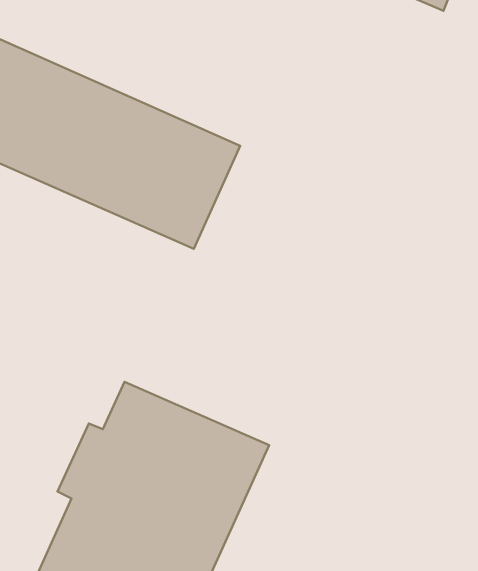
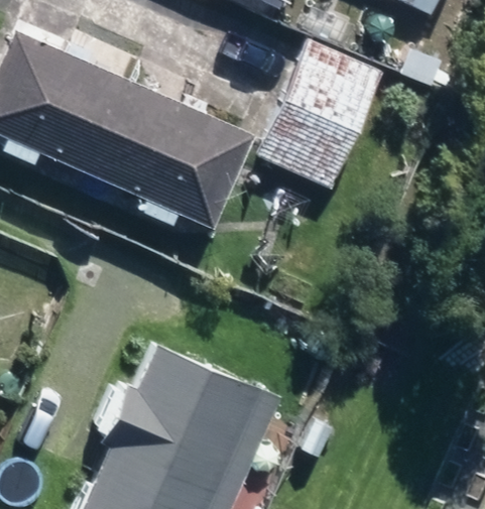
building: none -> [261,42,385,192]

